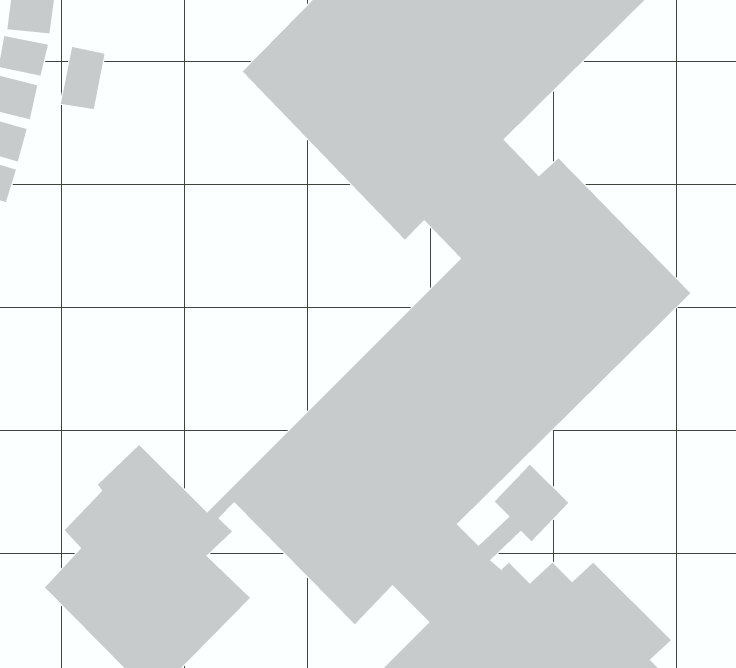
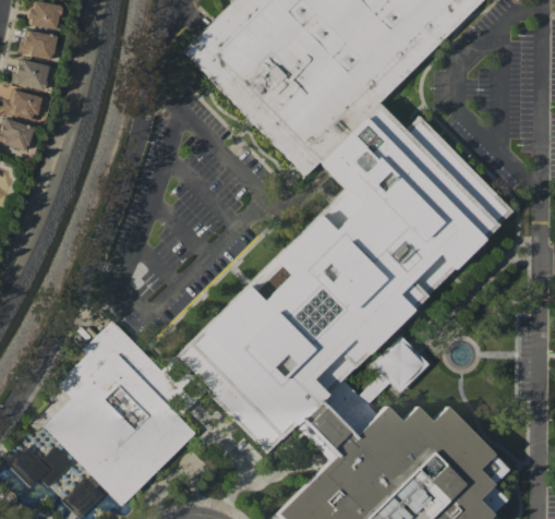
building: [60,46,105,110] -> none

